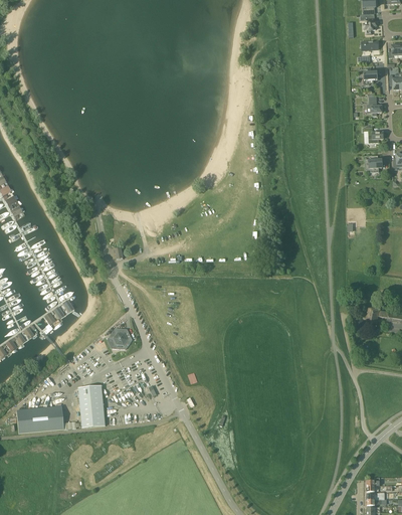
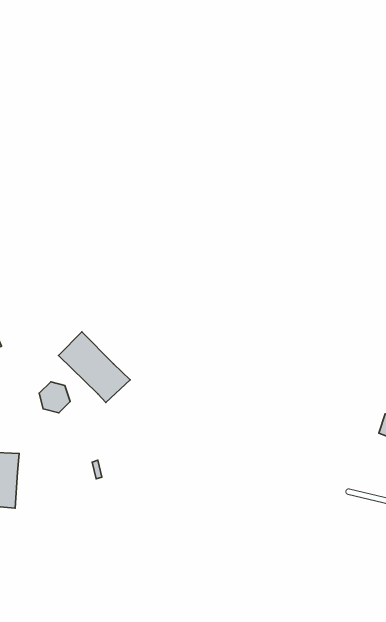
building: none -> [59,332,130,403]

